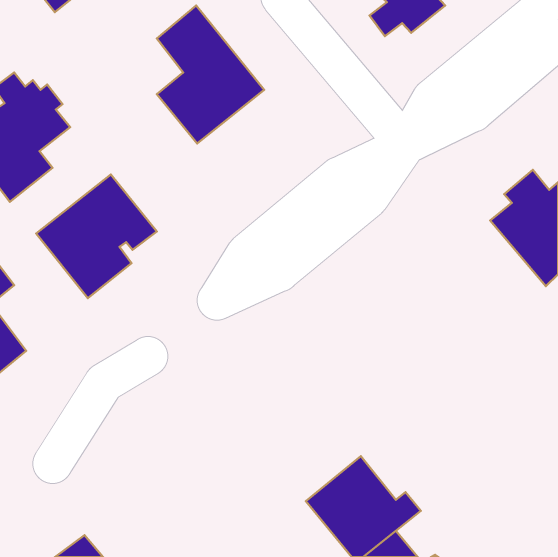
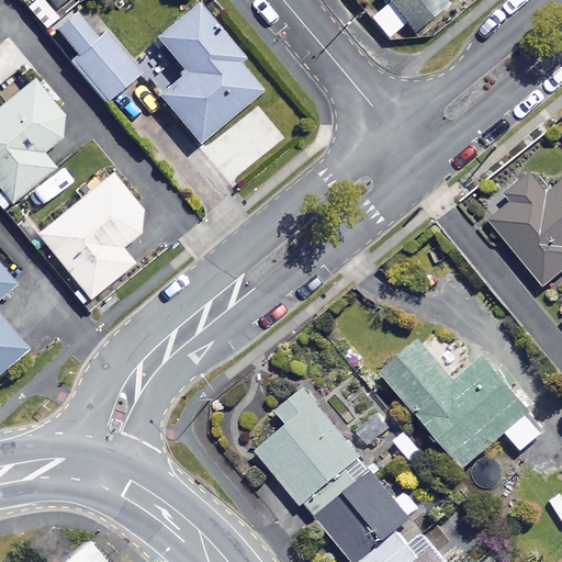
building: none -> [54,12,137,100]
building: none -> [385,344,548,468]
building: none -> [257,387,361,505]

